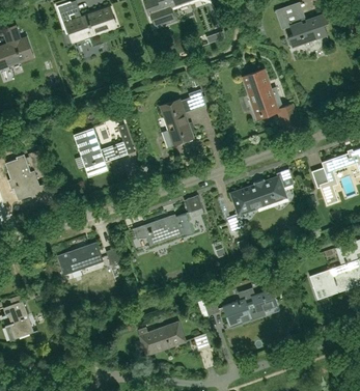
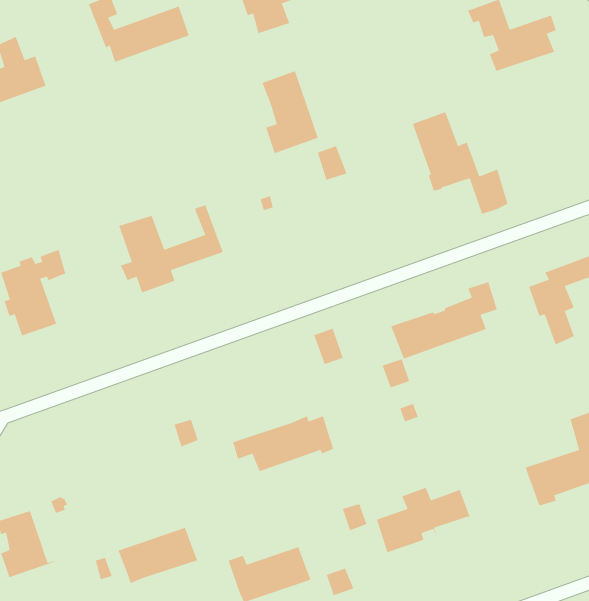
building: [160,99,193,147] -> [262,70,319,154]
building: [134,213,193,246] -> [232,415,334,472]
building: [57,242,104,275] -> [117,527,198,584]

